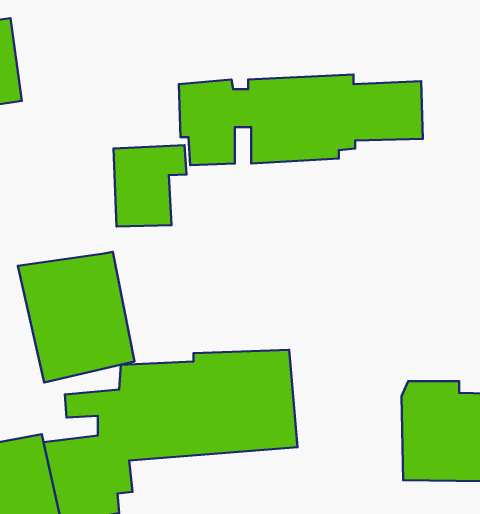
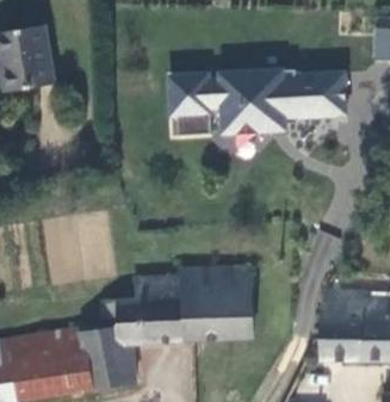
building: [113,145,187,227] -> none
building: [18,252,134,383] -> none

